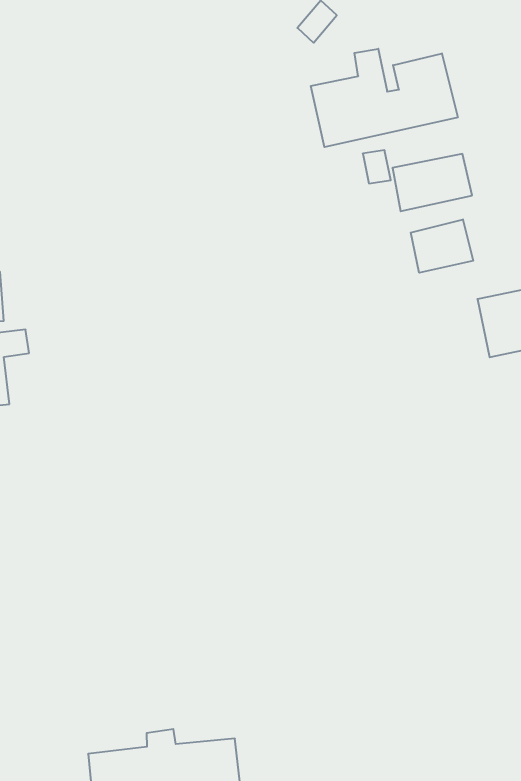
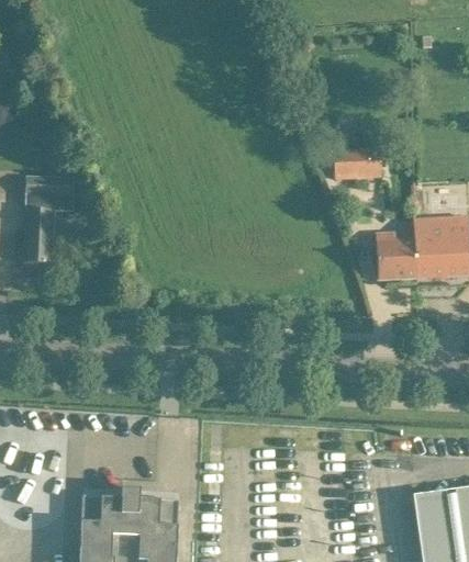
building: [311,49,458,147] -> none
building: [411,219,473,273] -> none

